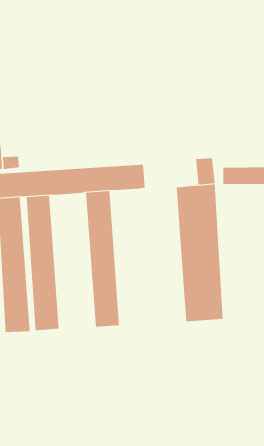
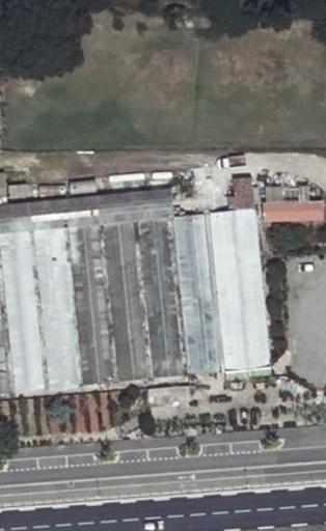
building: none -> [174,222,214,382]
building: none -> [138,224,180,384]
building: none -> [70,229,110,389]

